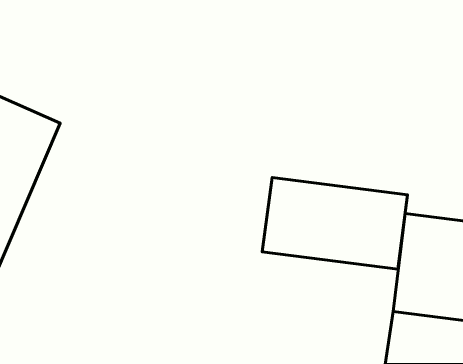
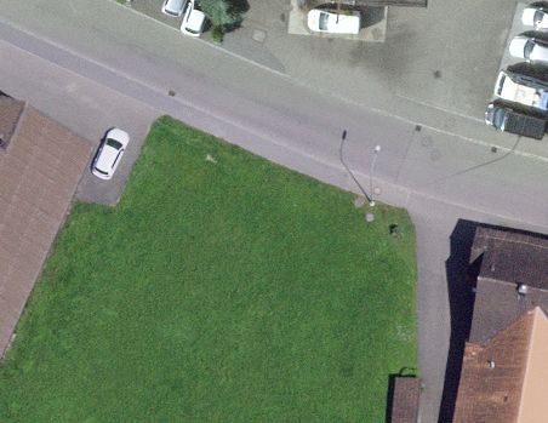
building: [262,177,408,269] -> none

